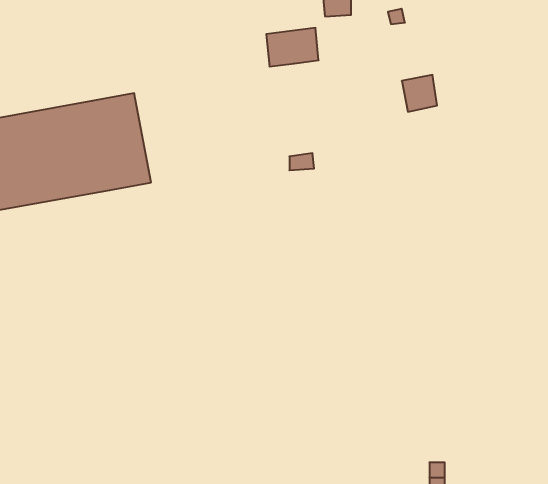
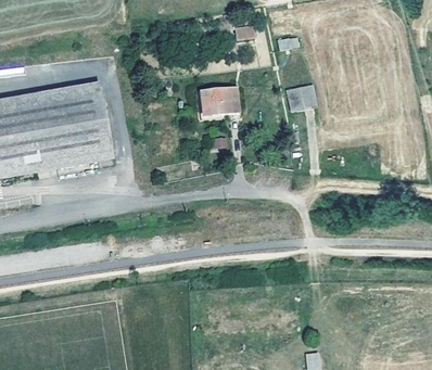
building: [266,28,319,66] -> [198,85,234,112]

